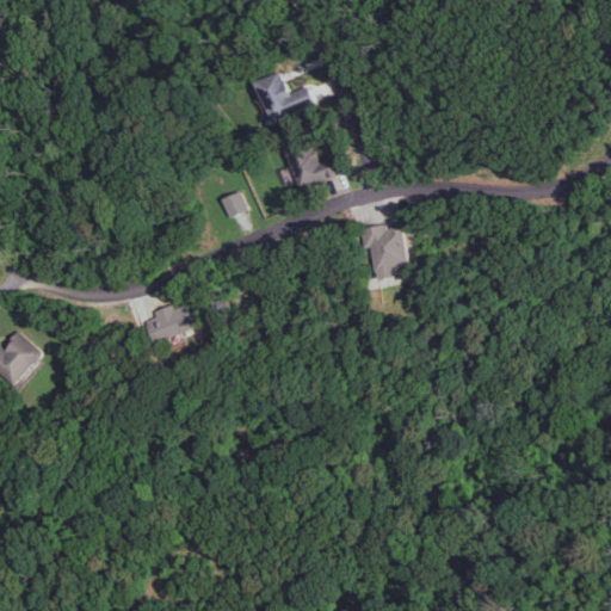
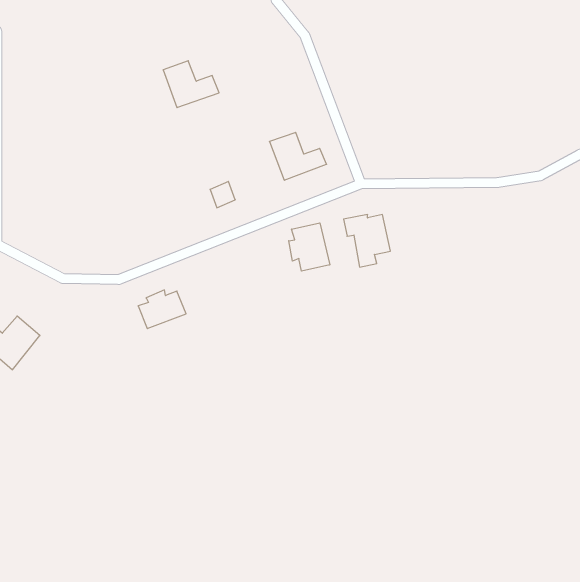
building: [254,72,313,121] -> [163,61,219,108]
building: none -> [289,223,330,271]

